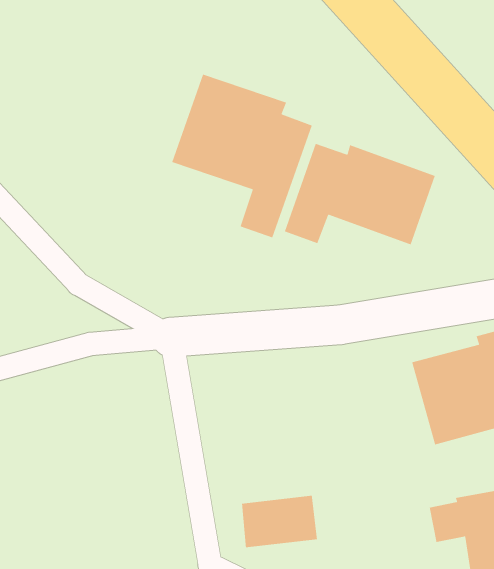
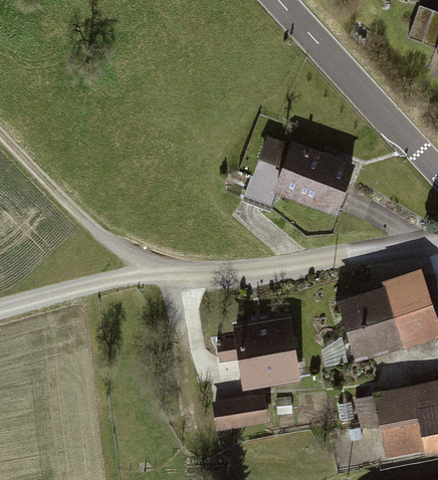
building: [171,74,313,239] -> none
building: none -> [215,318,299,389]

